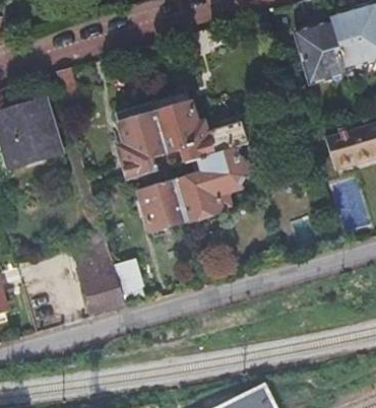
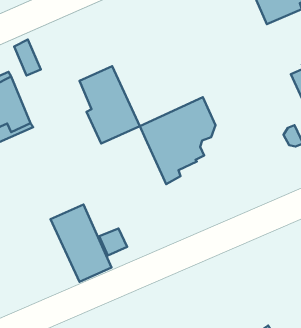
building: [150,93,250,167] -> none
building: [139,181,186,232] -> none

